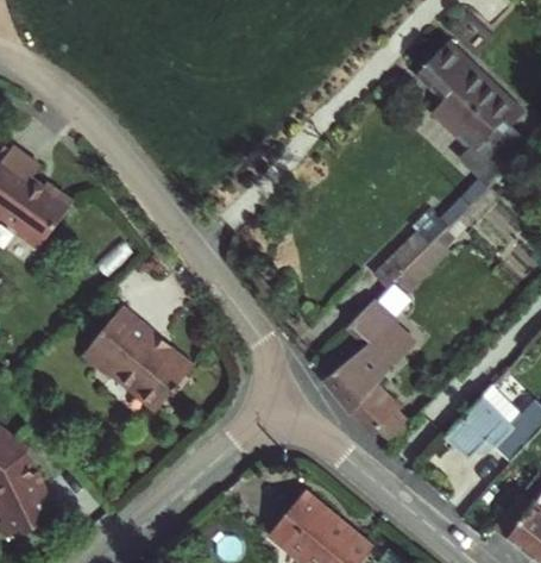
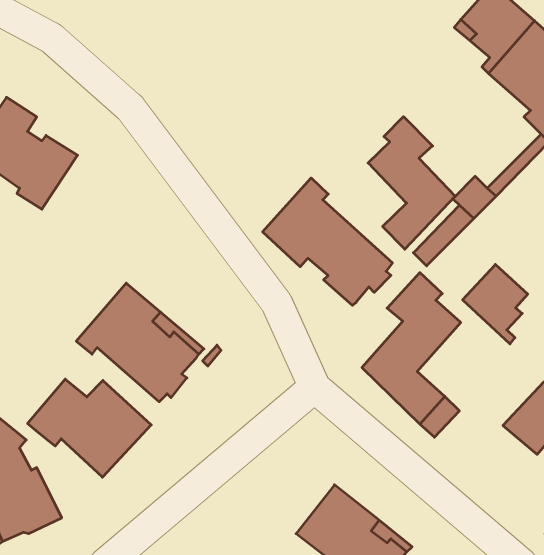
building: none -> [368,117,455,249]
building: none -> [263,178,392,305]
building: none -> [463,264,528,344]
building: none -> [28,379,151,477]

